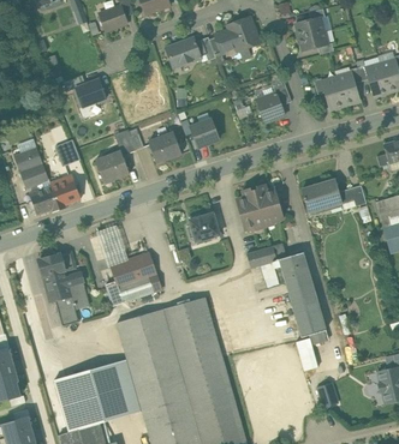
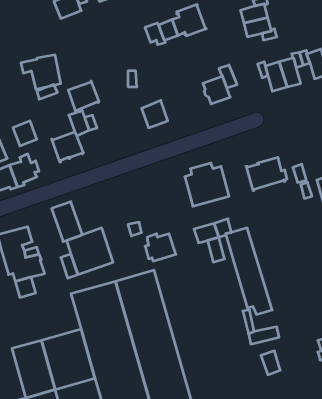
building: [166,38,200,66] -> none
building: [148,131,180,162] -> [68,81,99,111]
building: [186,212,219,241] -> [145,234,176,261]

